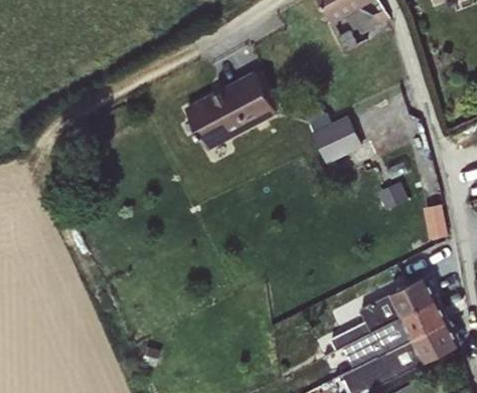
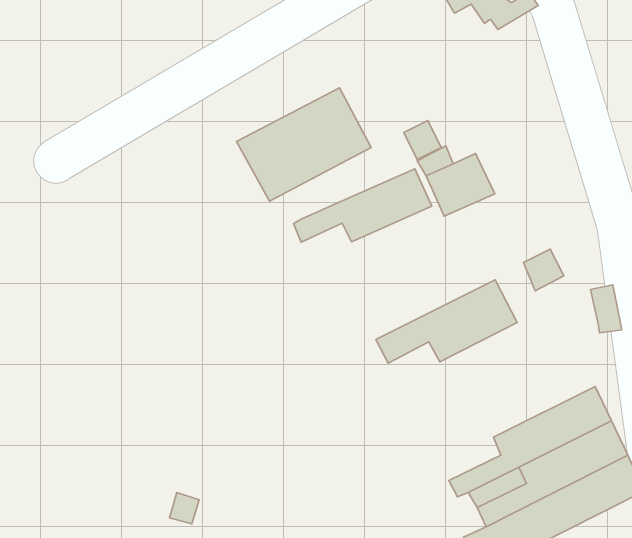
building: none -> [293,169,432,242]
building: none -> [376,280,517,363]

